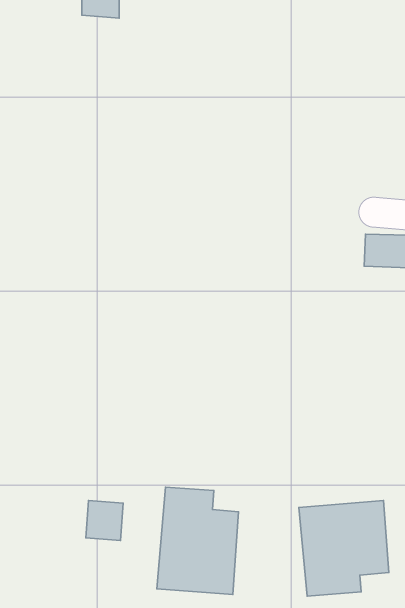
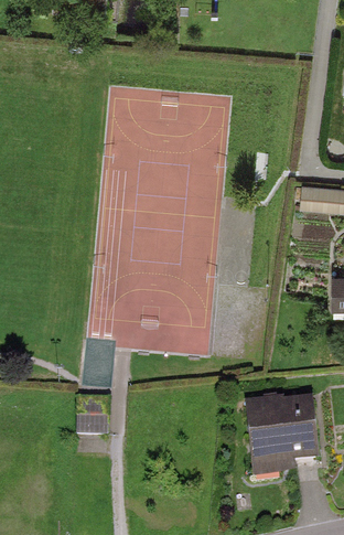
building: [157,487,239,594] -> none

